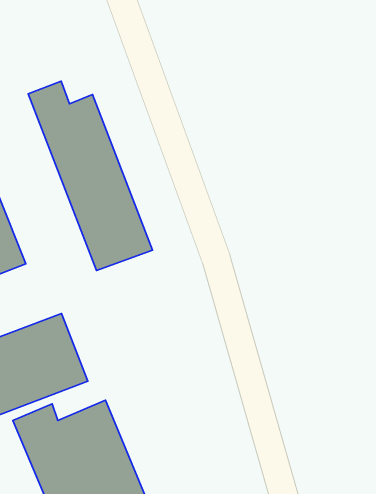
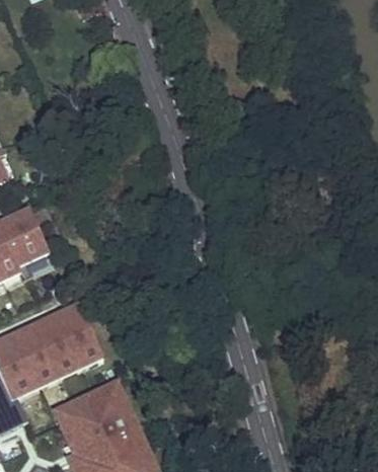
building: [28,81,152,271] -> none

